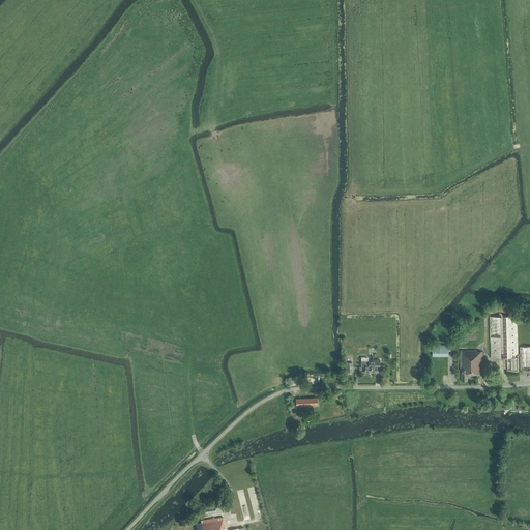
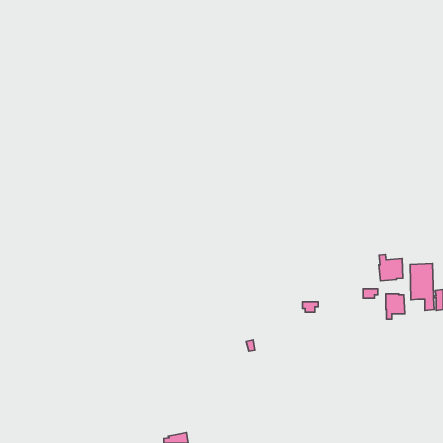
building: none -> [379,255,403,281]

